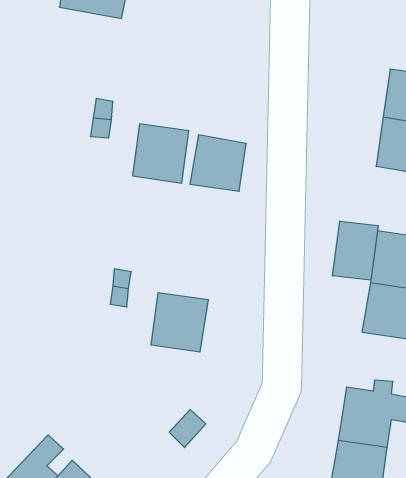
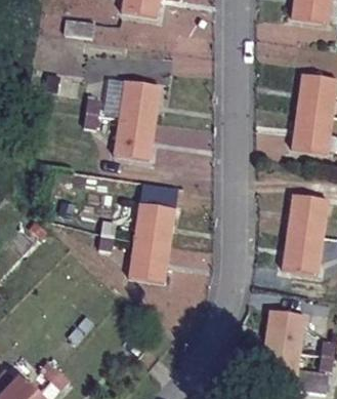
building: [190,135,246,191] -> [120,80,161,121]
building: [332,221,378,280] -> none
building: none -> [133,203,174,244]

